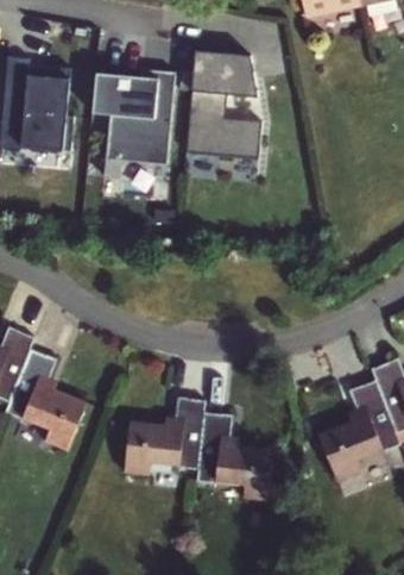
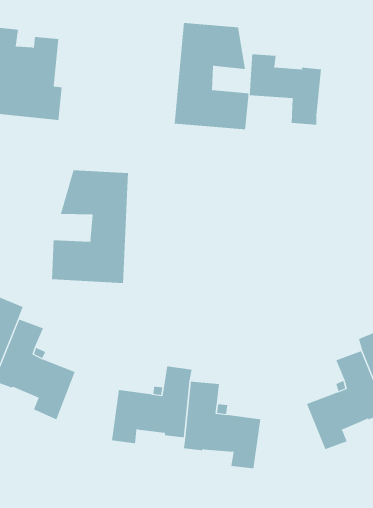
building: [88,69,176,164] -> none
building: none -> [249,54,322,125]
building: none -> [51,169,129,284]

